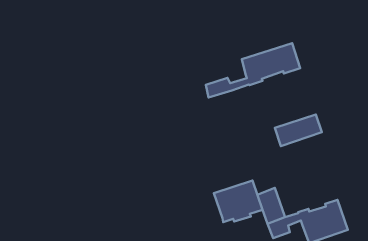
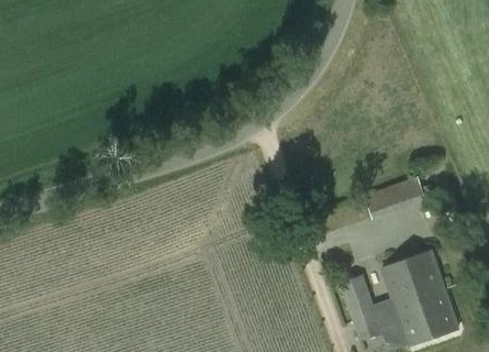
building: [206,43,300,97] -> none
building: [214,181,263,222] -> [381,250,445,305]

